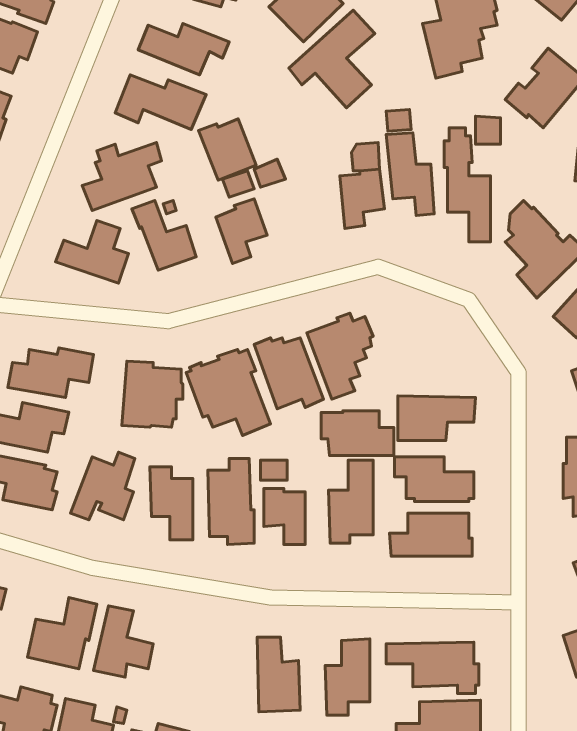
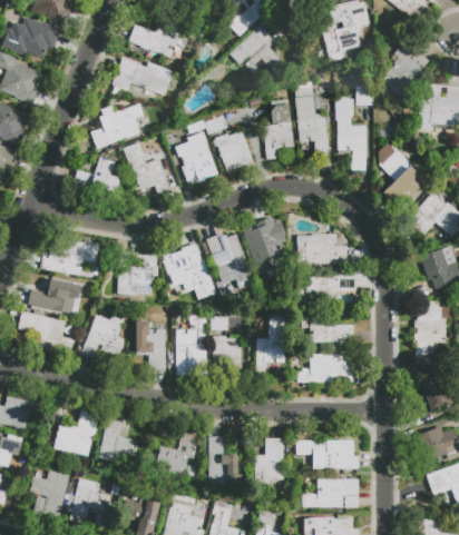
building: [198,119,256,180] -> [214,130,253,171]
building: [321,411,394,455] -> [297,234,346,264]
building: none -> [158,433,198,478]

